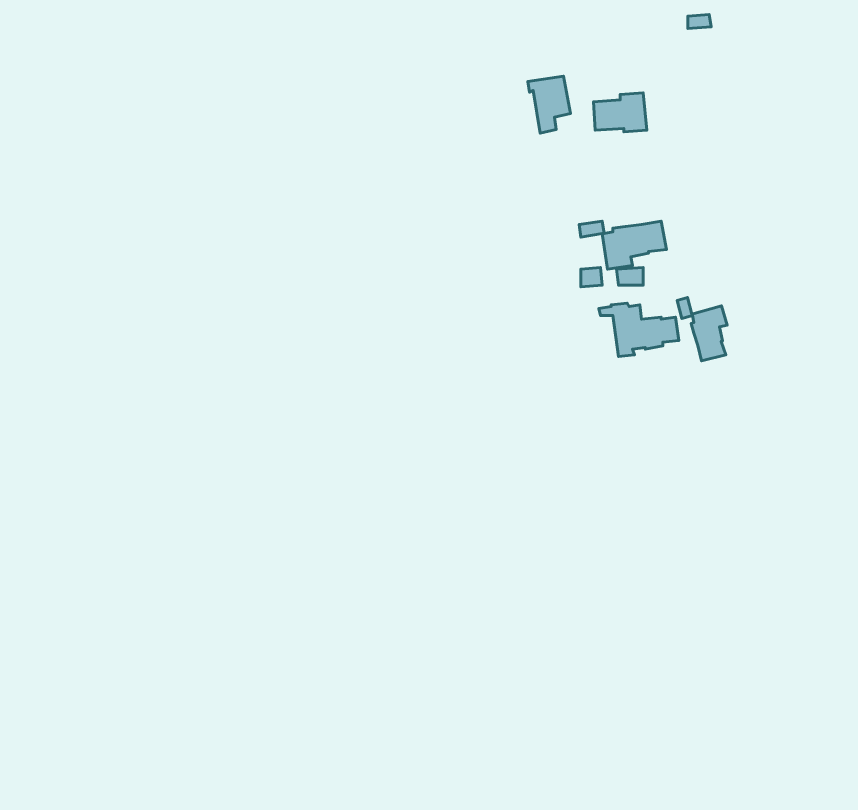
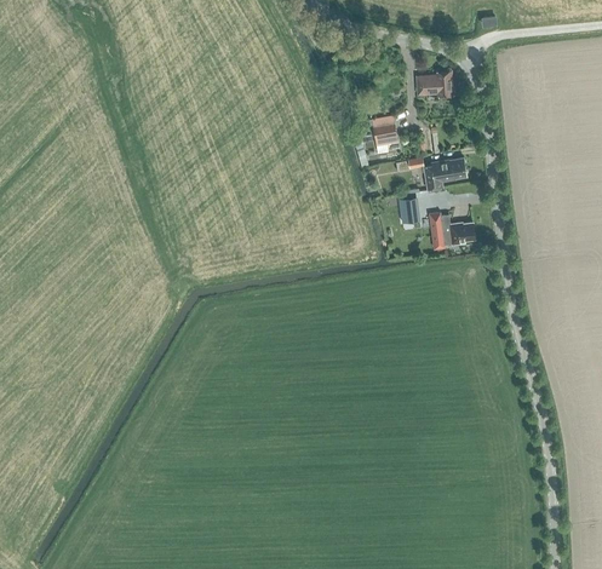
building: [528,76,571,133] -> [368,116,397,155]
building: [677,297,727,361] -> none

